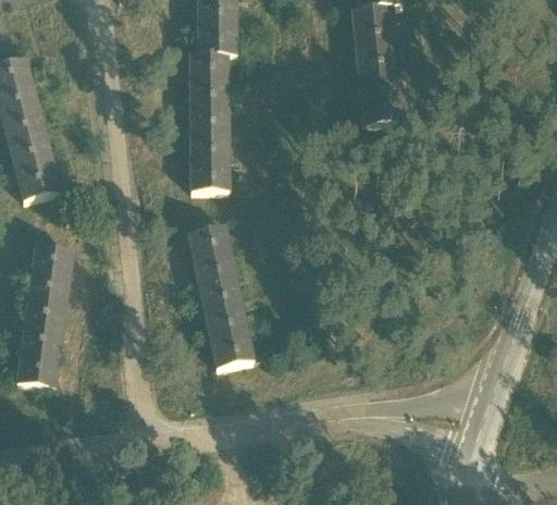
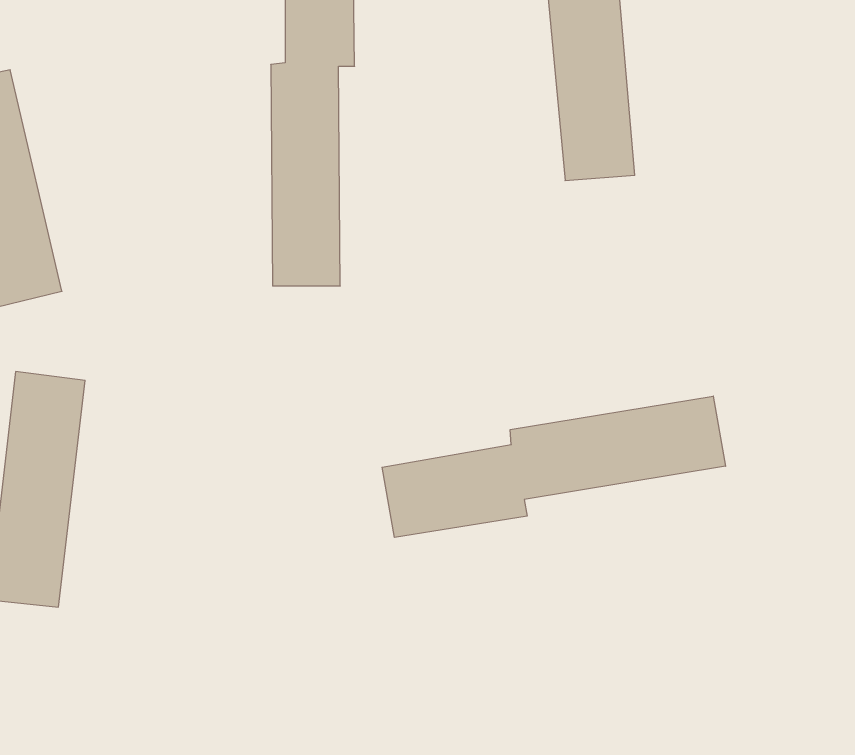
building: [188,220,252,365] -> none
building: none -> [382,396,726,537]

